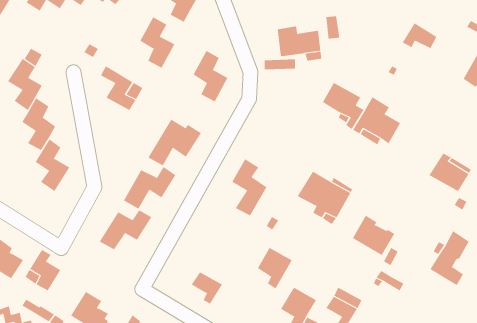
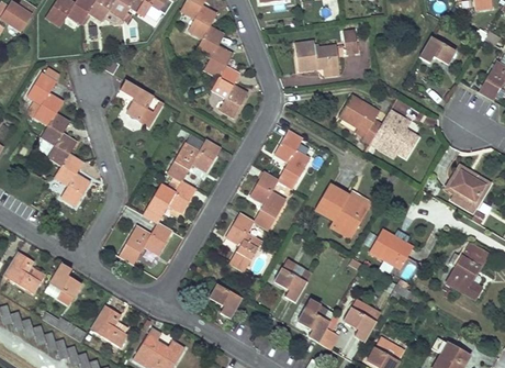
building: [140,17,175,69] -> [197,25,232,77]
building: none -> [274,131,310,189]
building: none -> [226,214,261,271]

